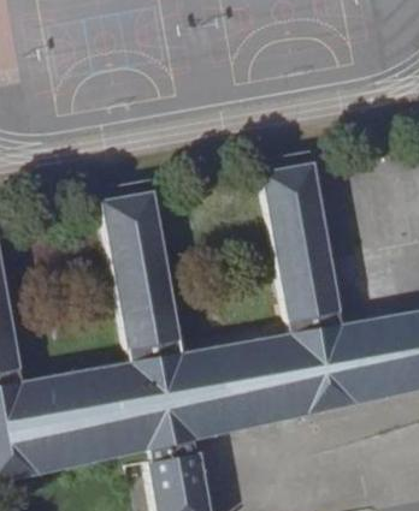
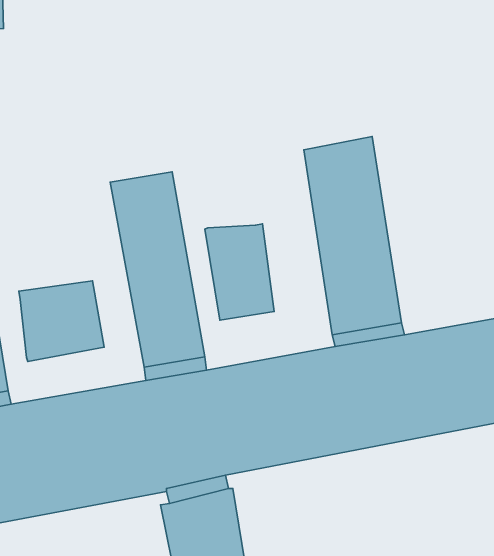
building: none -> [205,224,274,320]
building: none -> [19,281,104,361]

